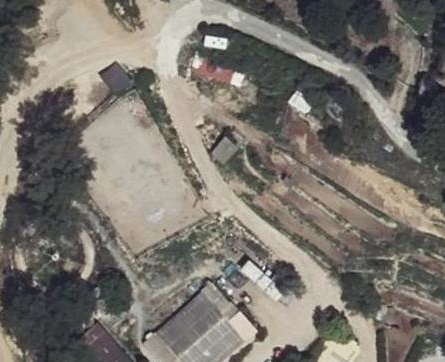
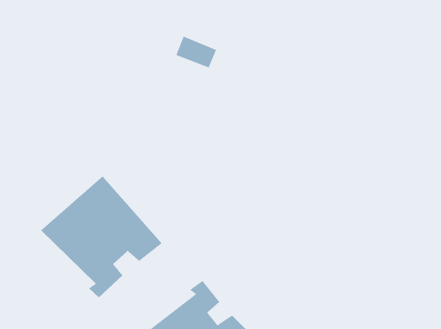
building: none -> [40,175,162,298]

